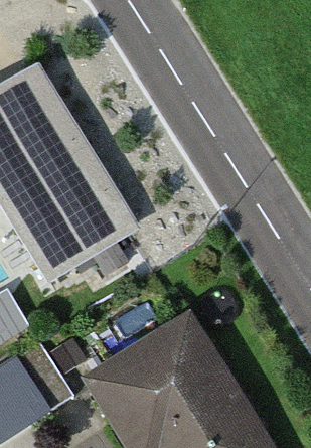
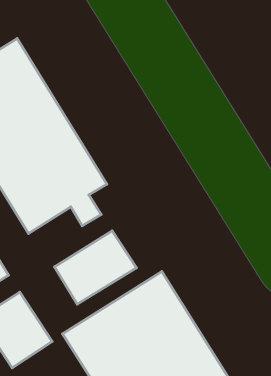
building: none -> [54,231,136,304]

